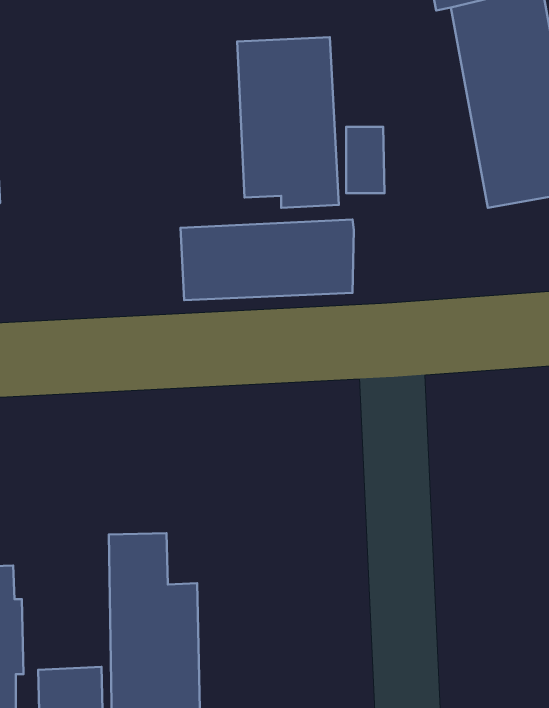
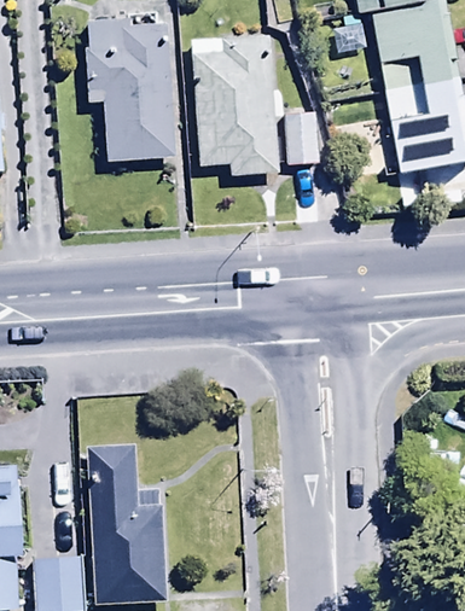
building: none -> [83,16,174,164]
building: [180,220,354,300] -> none

